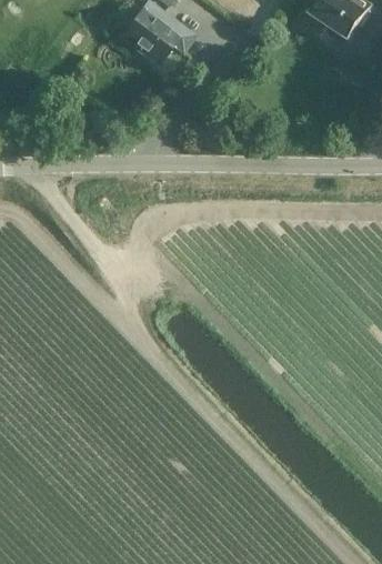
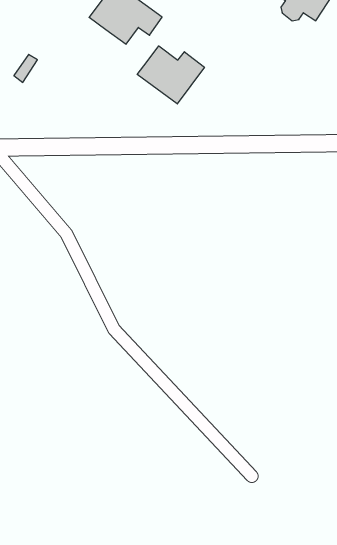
building: none -> [137,46,204,104]

